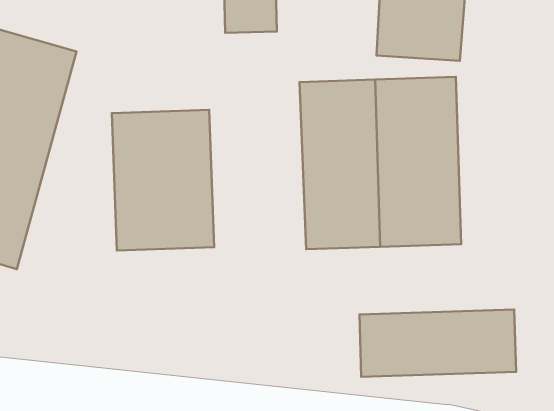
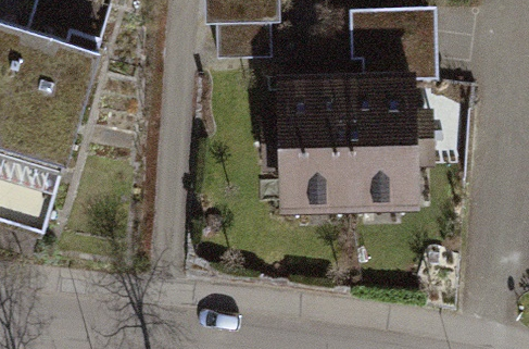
building: [112,110,214,250] -> none
building: [359,310,516,377] -> none

